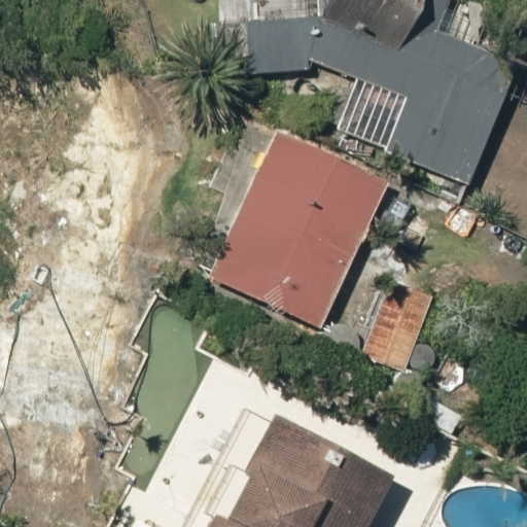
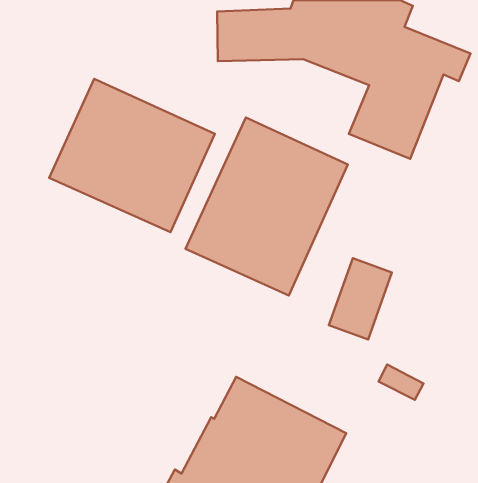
building: none -> [49,79,215,232]

